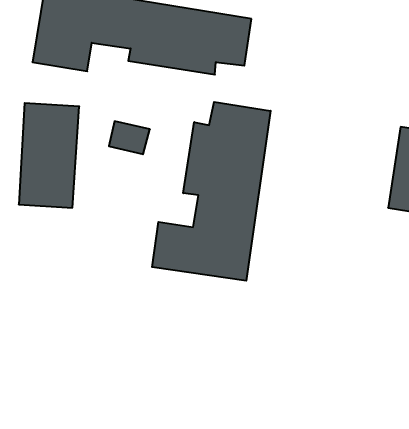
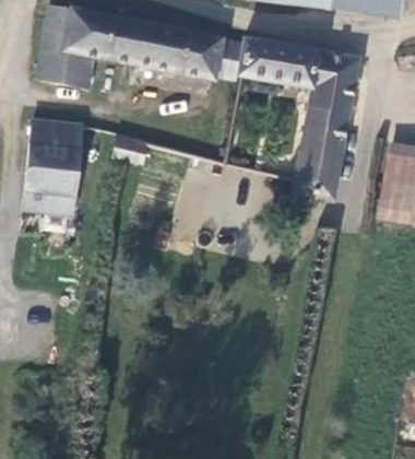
building: none -> [240,36,358,203]
building: [152,102,271,281] -> none

